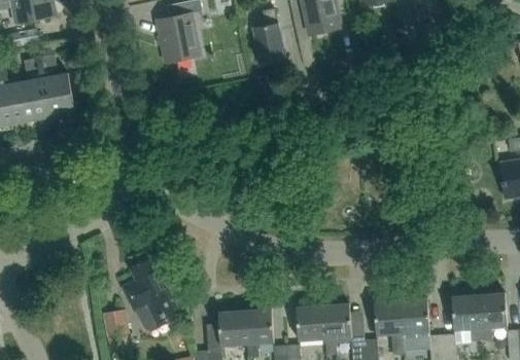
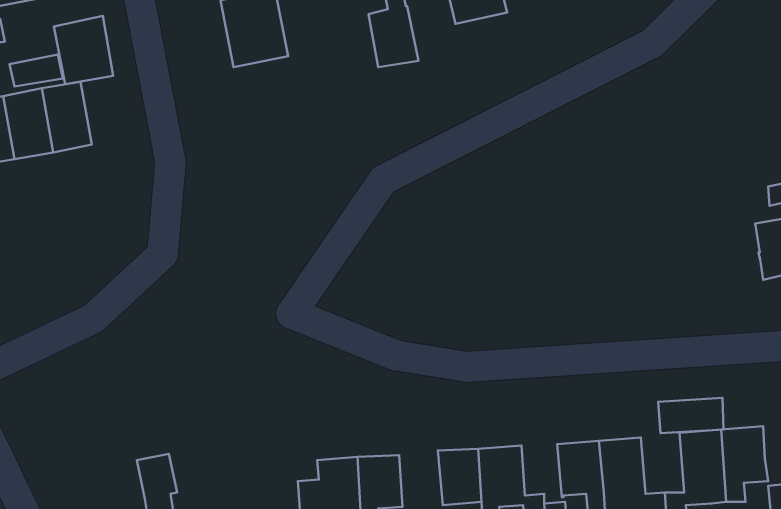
building: none -> [54,16,113,84]
building: [124,258,182,329] -> none
building: none -> [658,398,723,433]

